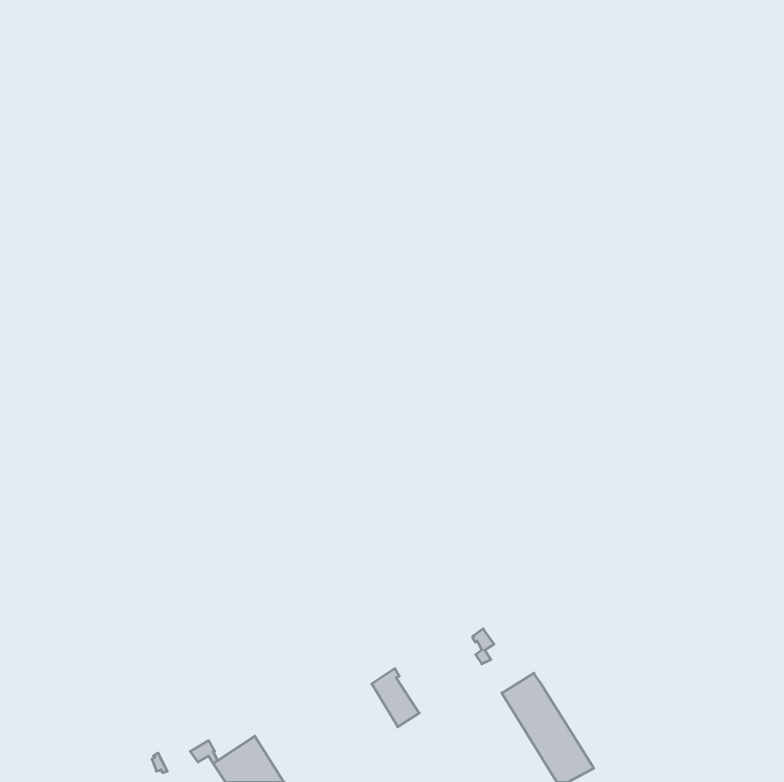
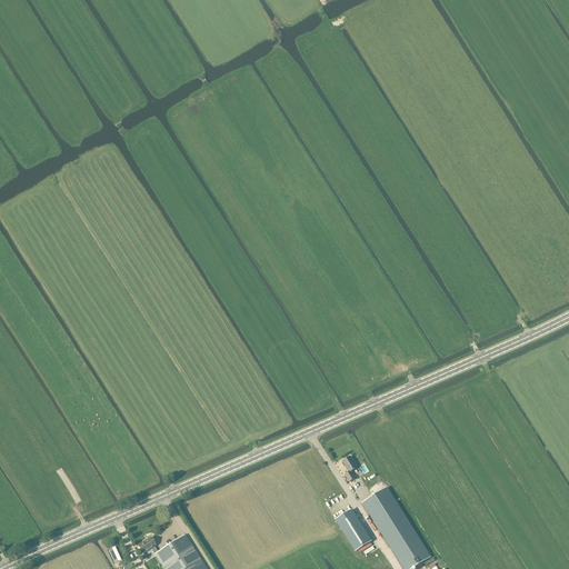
building: [372,669,419,727] -> [336,509,370,551]

